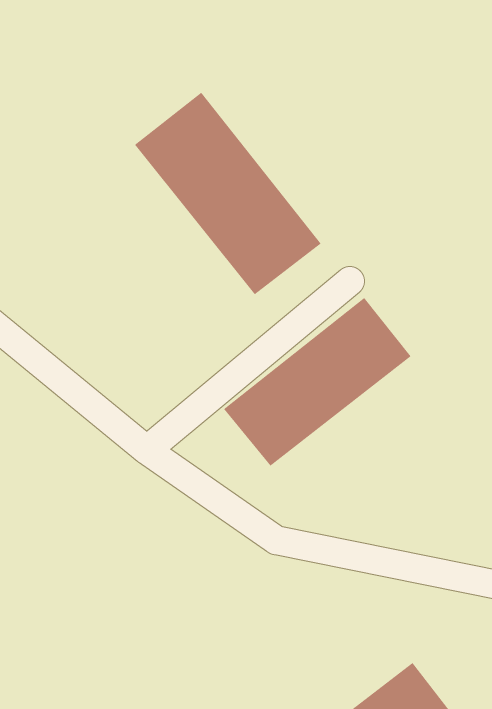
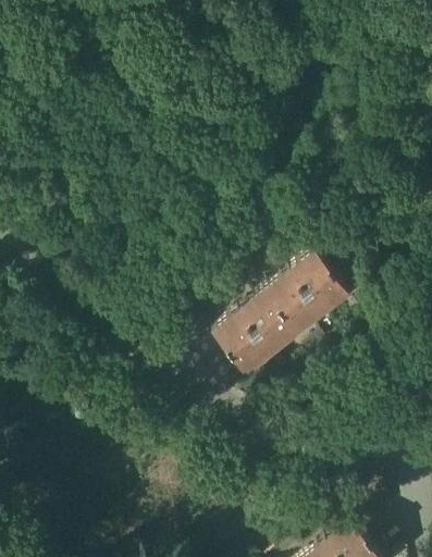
building: [134,92,322,295] -> none

